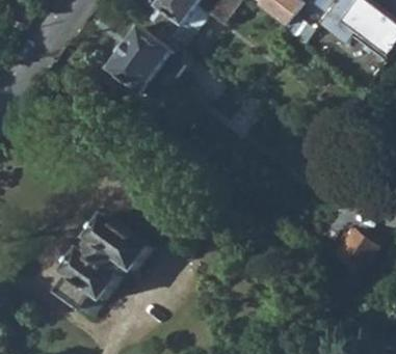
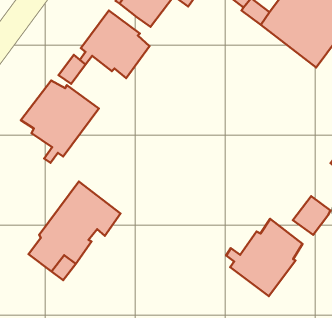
building: none -> [21,80,99,163]
building: none -> [226,219,303,296]

